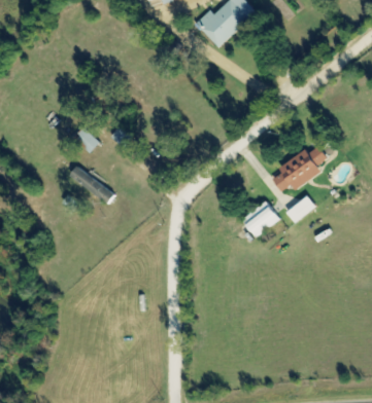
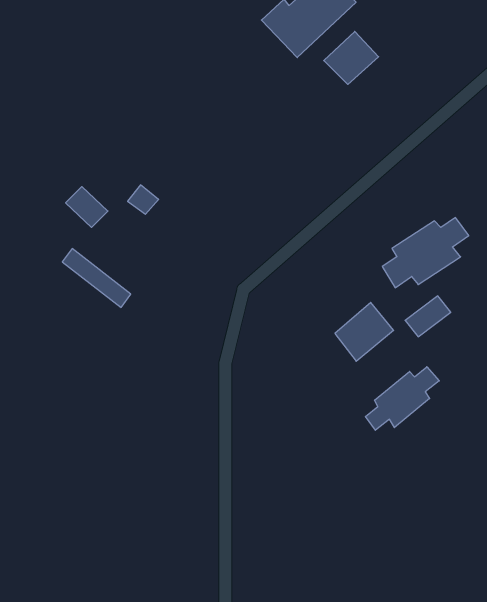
building: none -> [324,31,379,84]
building: none -> [365,367,439,430]

